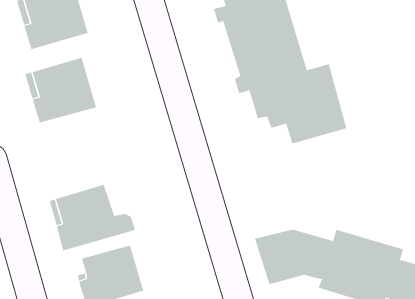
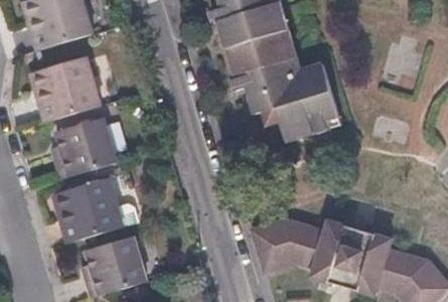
building: none -> [52,118,114,178]

